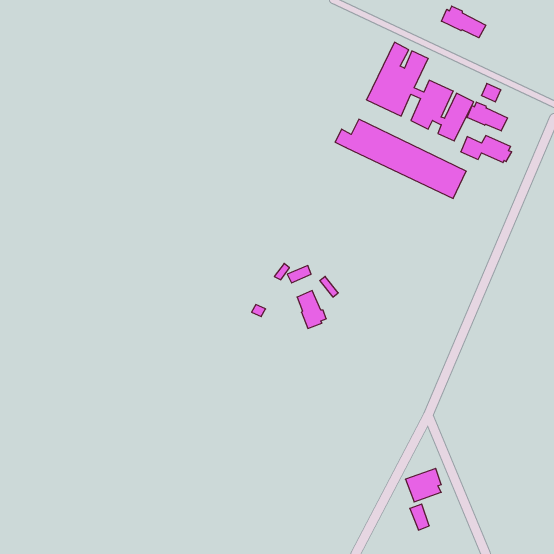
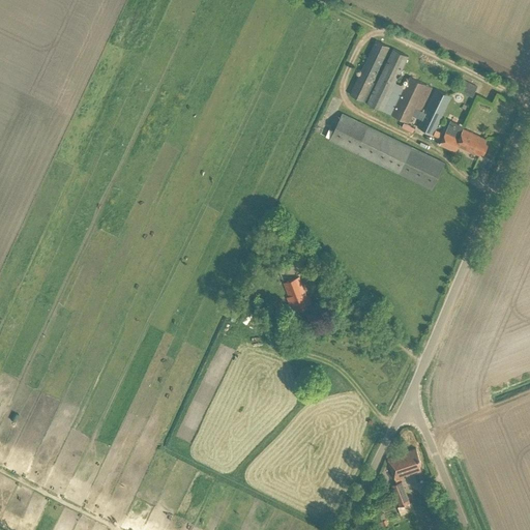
building: [441,6,486,38] -> none
building: [467,102,507,131] -> none

